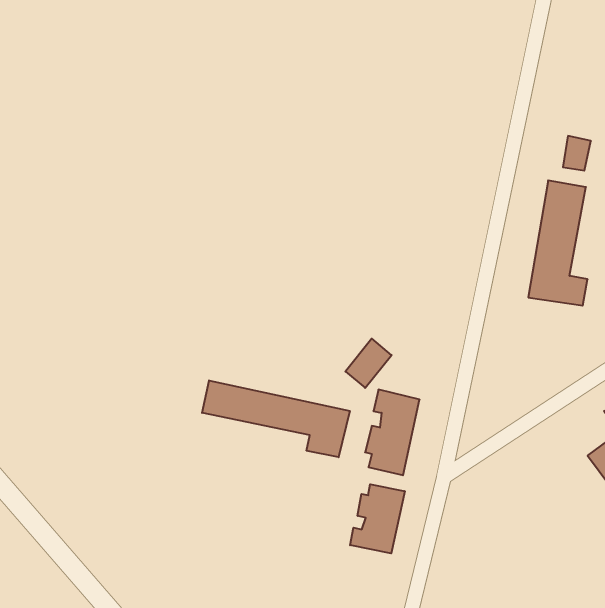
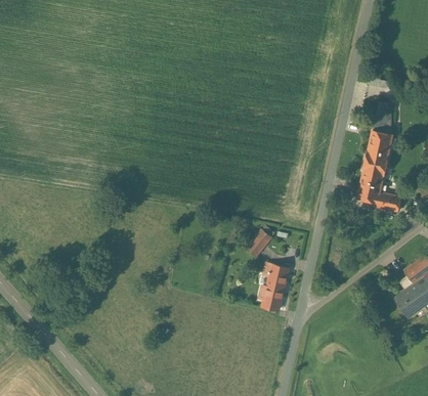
building: [202,380,350,457] -> none
building: [350,484,405,553] -> none

